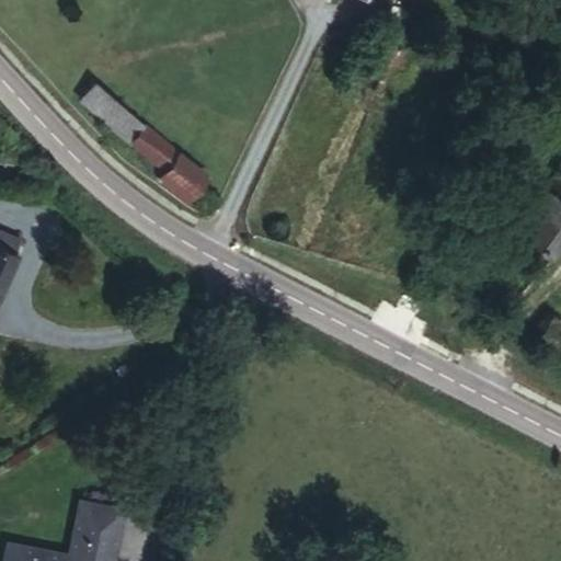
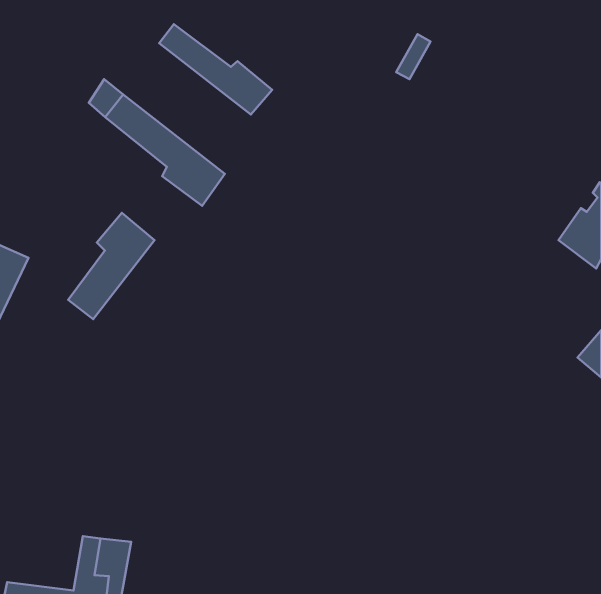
building: none -> [159,24,272,115]
building: none -> [68,213,155,319]

